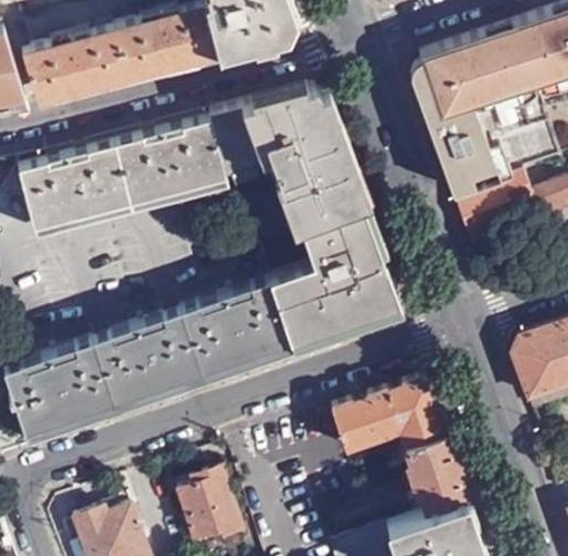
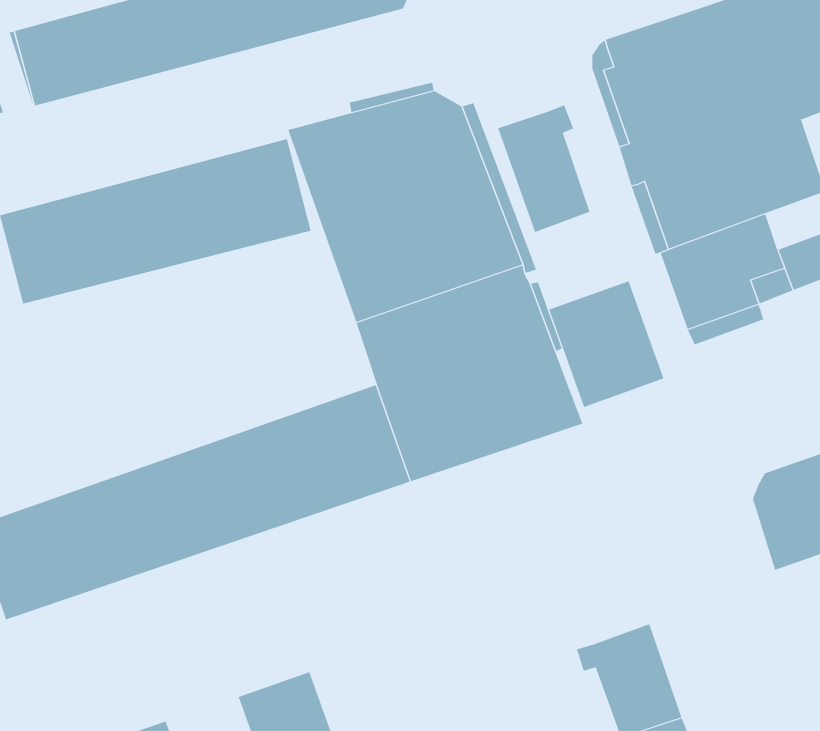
building: none -> [498,104,590,233]
building: none -> [549,280,664,408]
building: [332,386,445,453] -> none

